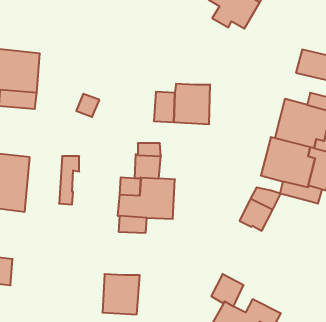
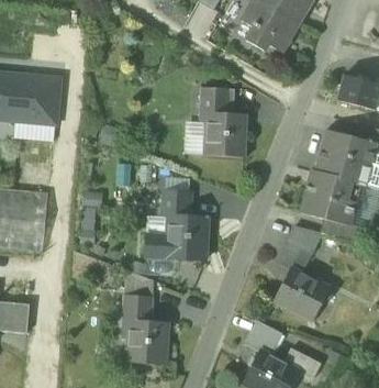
building: none -> [200,87,228,113]
building: none -> [274,267,330,320]
building: none -> [122,295,152,321]

